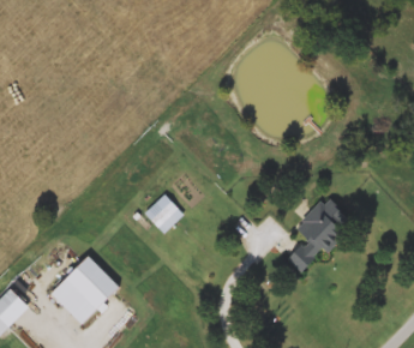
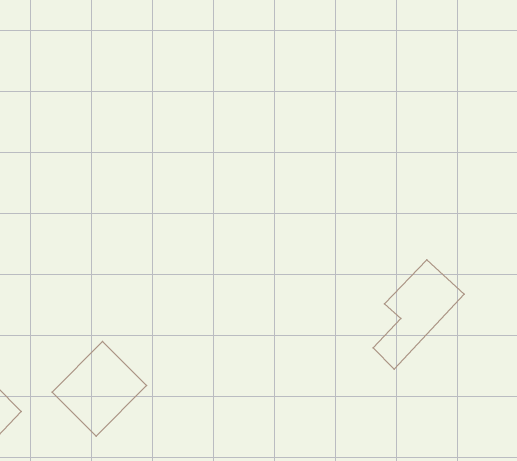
building: [142,192,182,233] -> none

